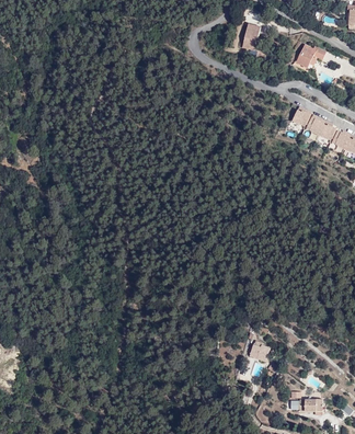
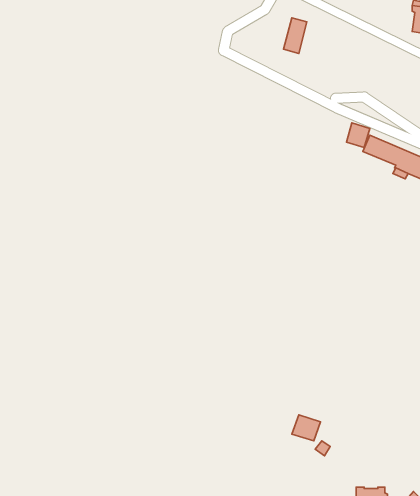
building: [296,39,327,67] -> none

